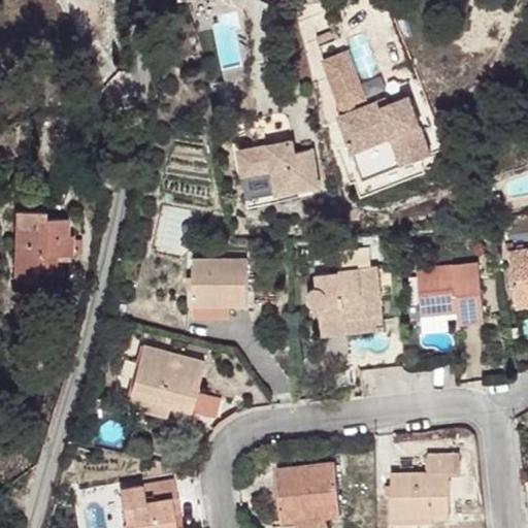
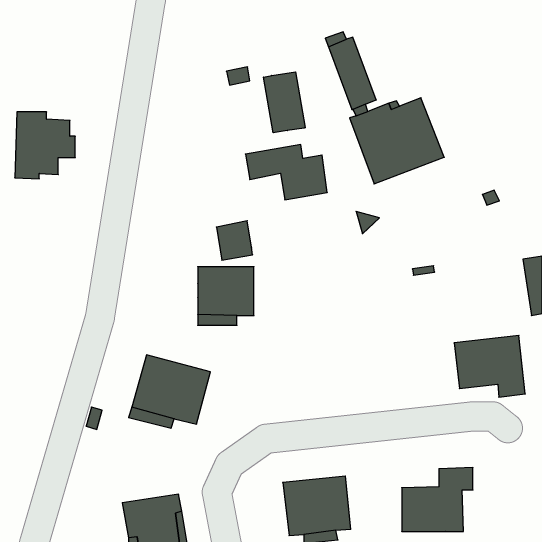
building: none -> [264,72,305,133]
building: [242,169,277,207] -> [216,221,253,260]
building: [13,211,72,276] -> [15,112,75,179]
building: [415,264,484,324] -> [454,335,525,397]
building: [306,265,385,337] -> none

